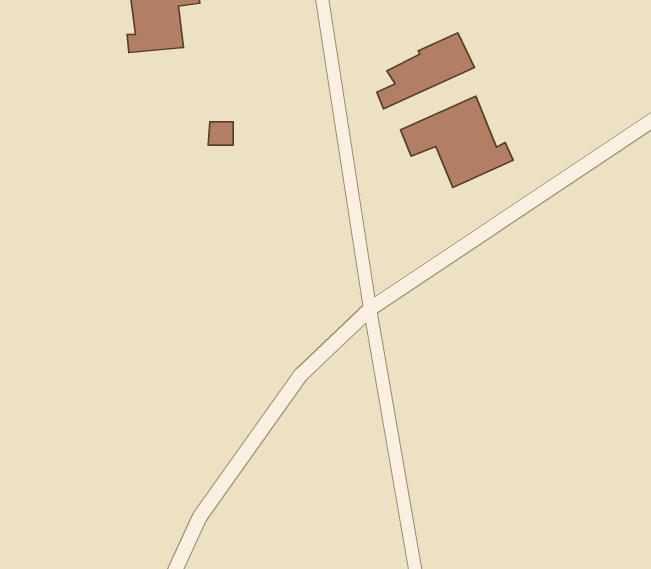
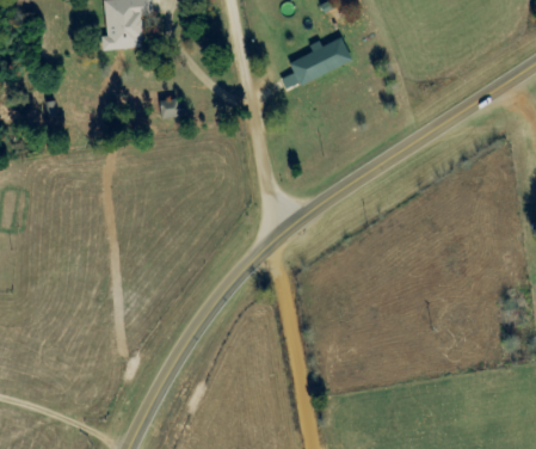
building: [400,96,513,188] -> none

